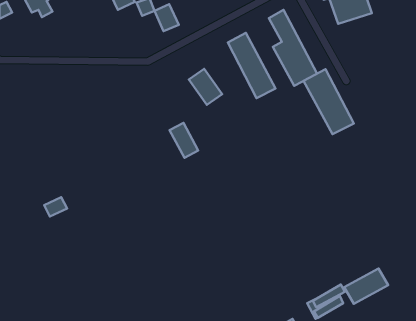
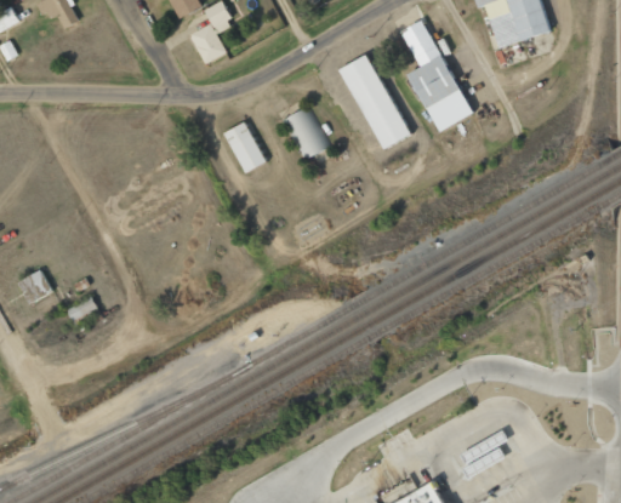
building: [154,4,179,31] -> [190,25,227,65]
building: [304,69,354,134] -> none
building: [170,123,198,158] -> [223,122,266,175]
building: none -> [19,273,50,303]
building: [344,268,388,304] -> none

